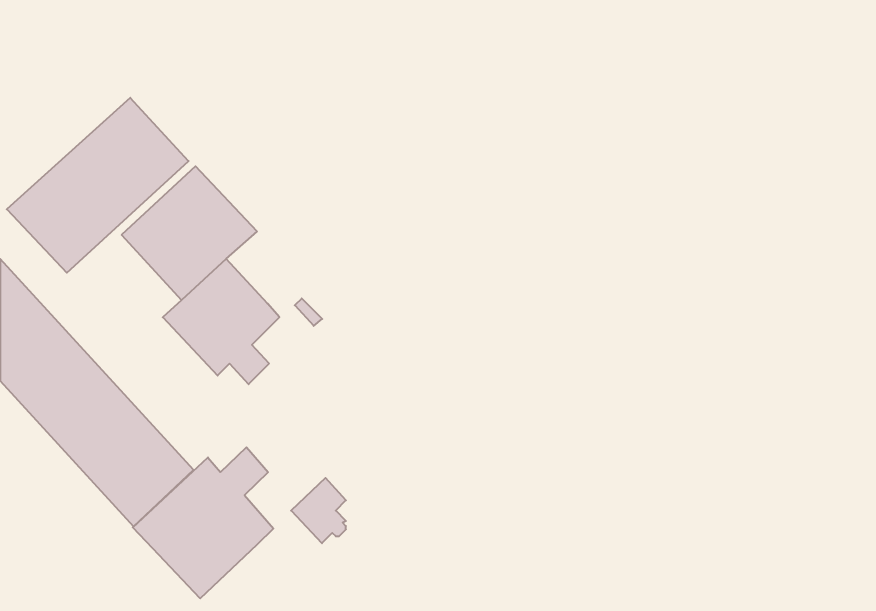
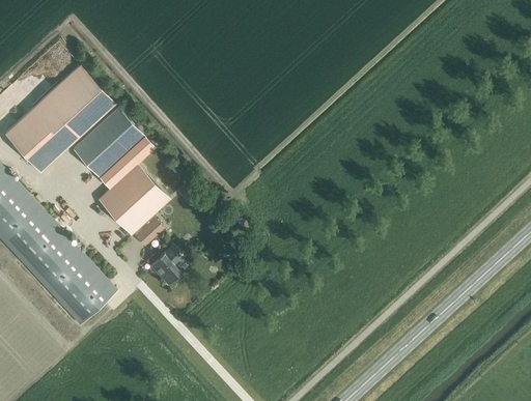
building: [133,447,273,598] -> none
building: [291,478,346,543] -> [150,247,184,286]

